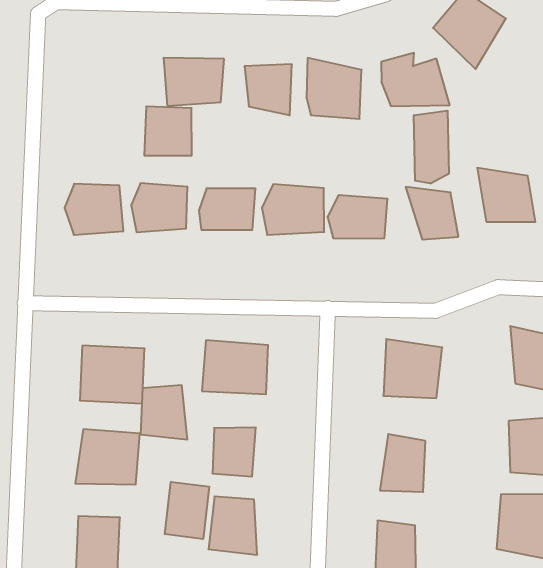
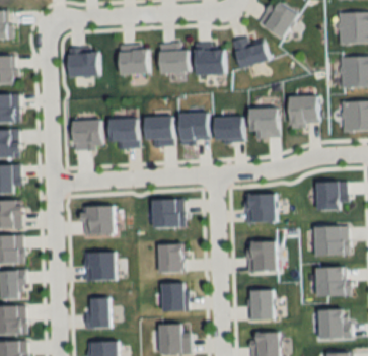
building: [144,106,192,156] -> [69,51,95,78]
building: [414,111,449,184] -> none
building: [141,385,187,440] -> none
building: [165,482,209,539] -> none

